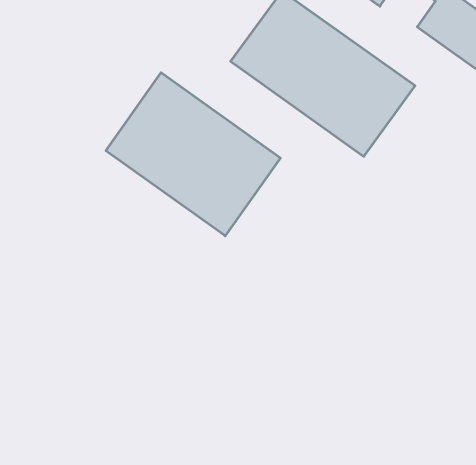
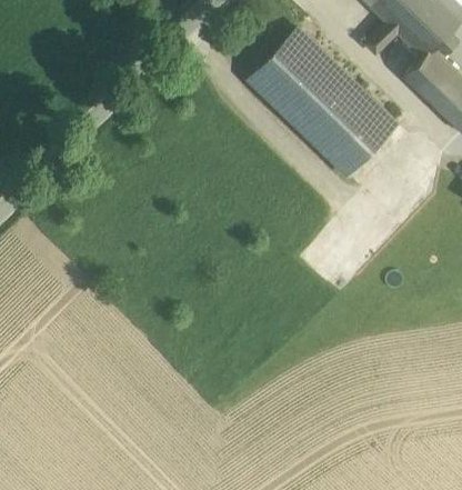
building: [106,73,280,236] -> none

